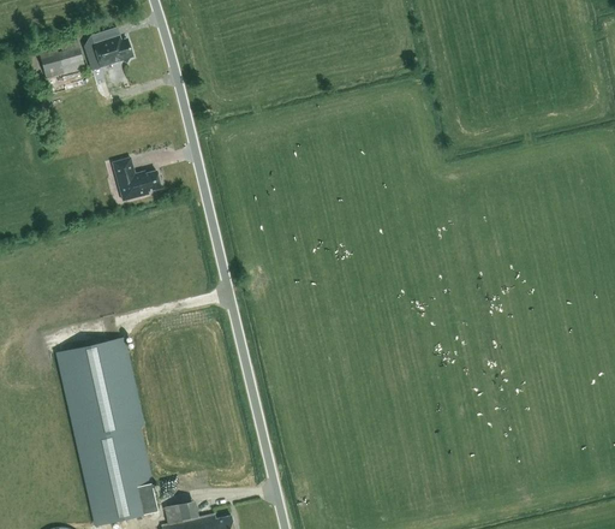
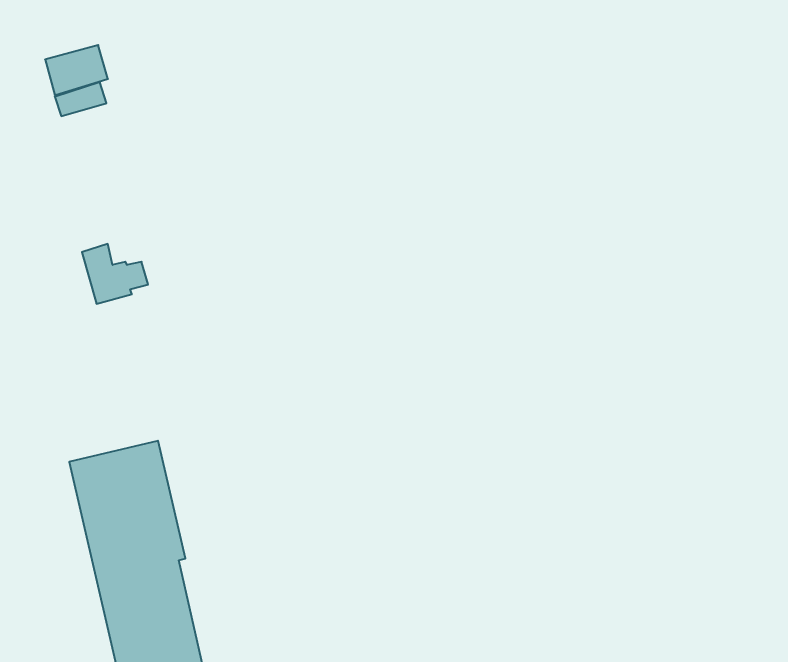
building: [92,36,133,66] -> none
building: [112,156,161,201] -> [82,244,148,304]

